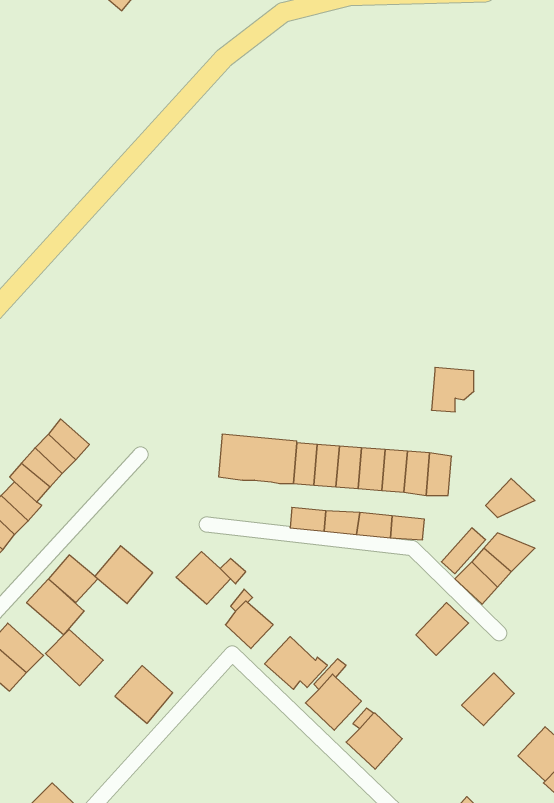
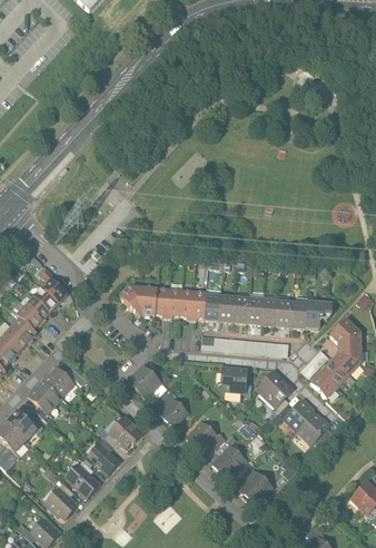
building: [431,367,474,412] -> [304,299,332,327]
building: none -> [118,283,156,316]
building: none -> [336,330,360,361]
building: [95,546,153,604] -> [110,411,148,449]
building: none -> [219,364,247,392]
building: none -> [255,368,294,407]
building: [45,630,103,686] -> [63,461,101,498]
building: [462,673,514,726] -> [296,410,330,444]
building: none -> [43,483,81,520]

